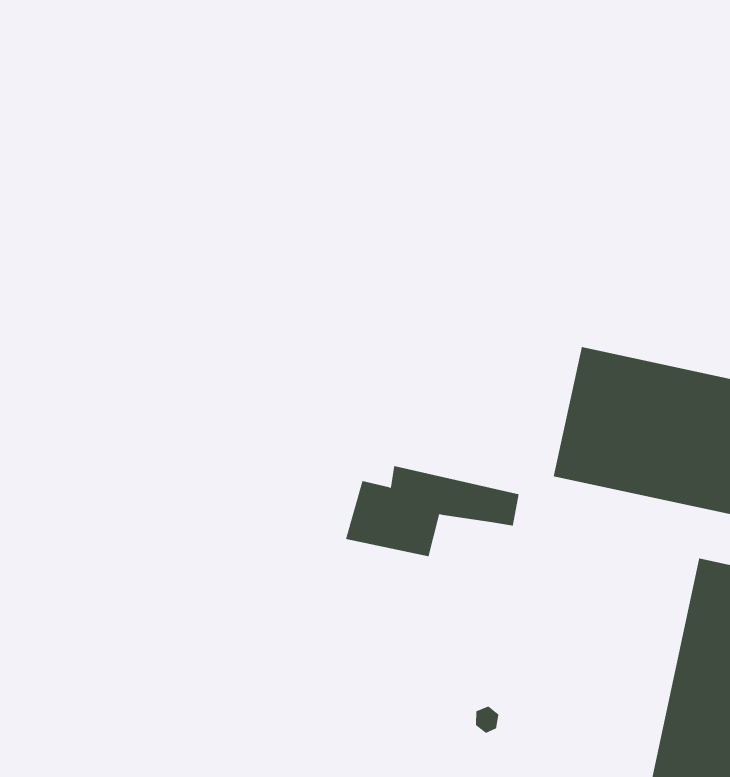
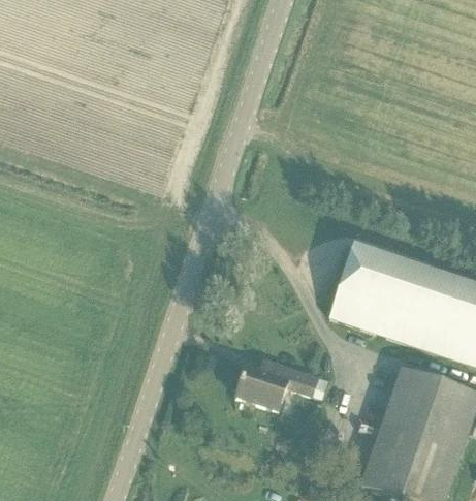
building: [345,465,520,557] -> [234,357,329,408]

